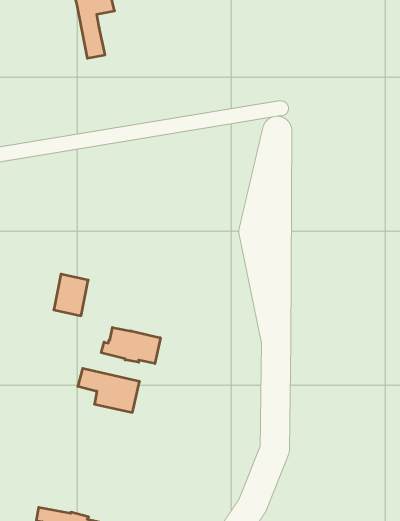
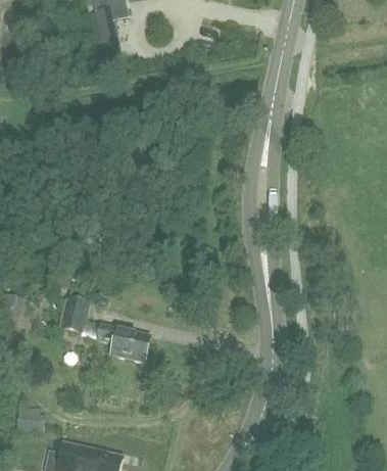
building: [54,274,88,316] -> [59,297,89,333]
building: [101,327,160,364] -> none

